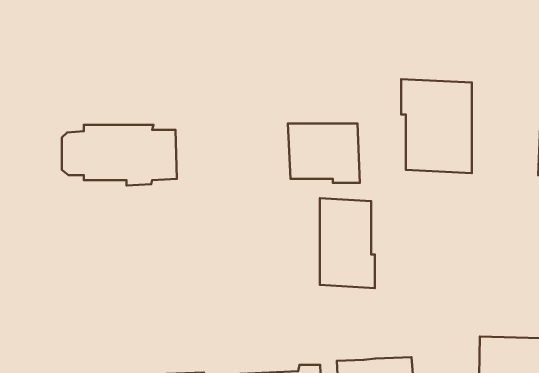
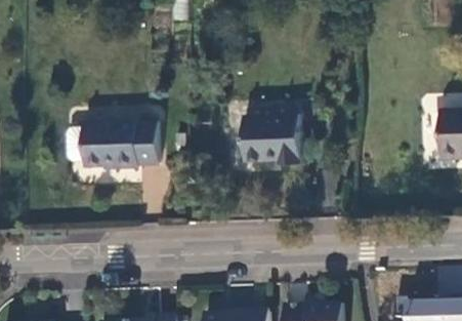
building: [401,79,472,173] -> none
building: [320,198,375,288] -> none

